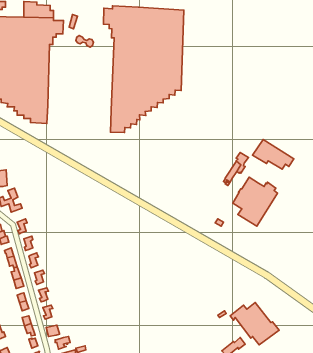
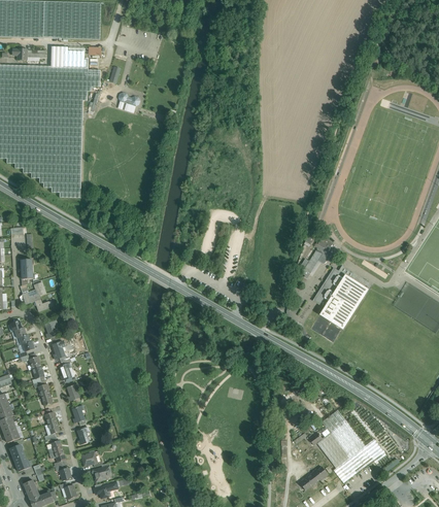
building: [104,6,184,132] -> none
building: [252,139,294,169] -> none

